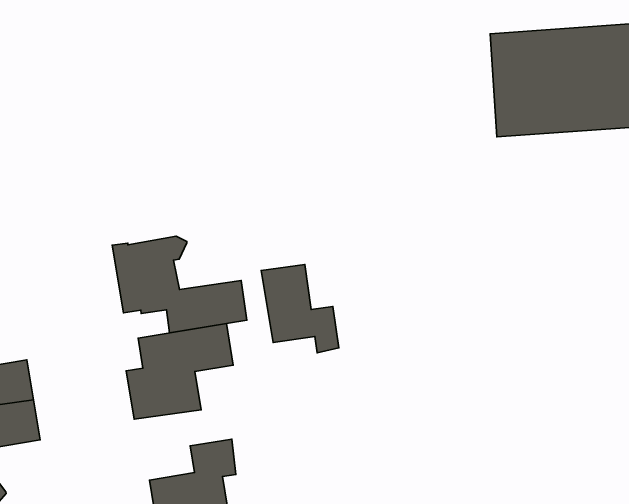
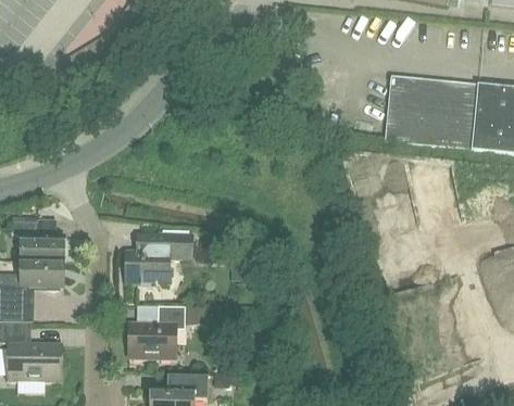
building: [112,236,247,333] -> none
building: [261,264,339,353] -> none

